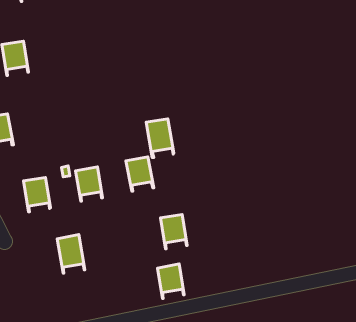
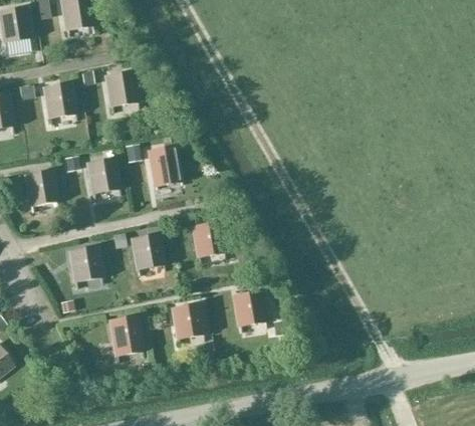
building: none -> [106,70,139,112]
building: none -> [87,158,121,199]
building: [146,119,174,157] -> [149,146,182,192]
building: [157,264,184,298] -> [173,302,205,344]

